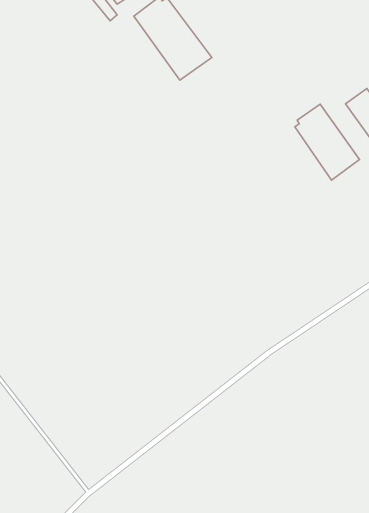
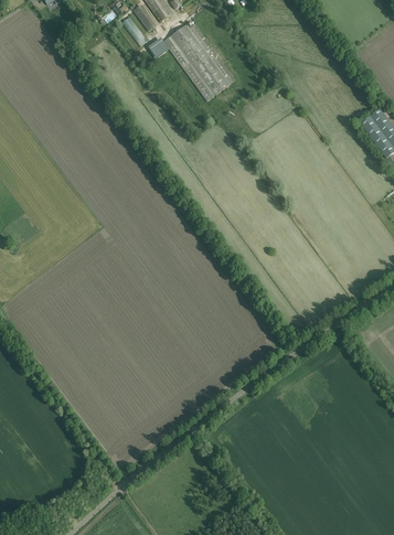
building: [295,104,360,180] -> none

